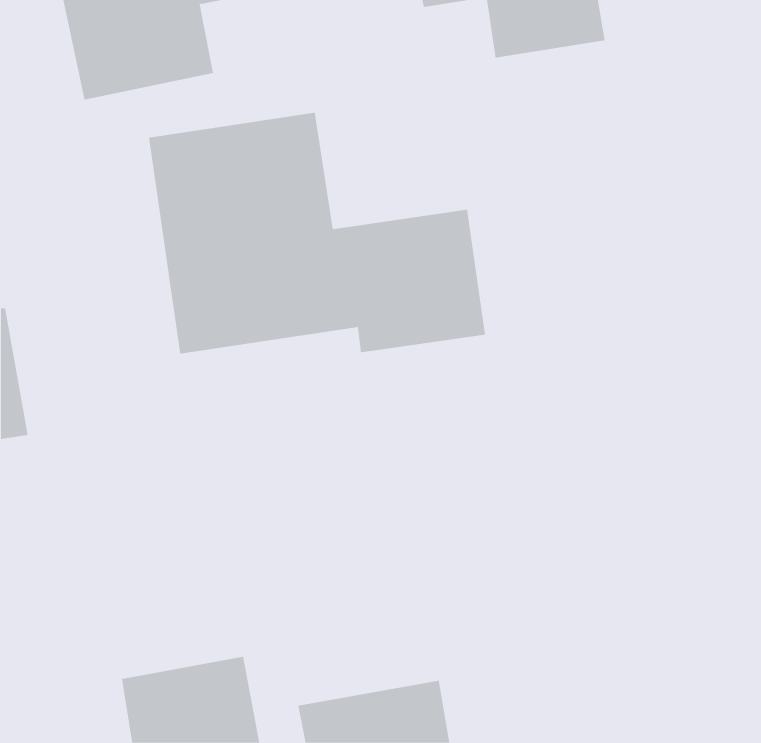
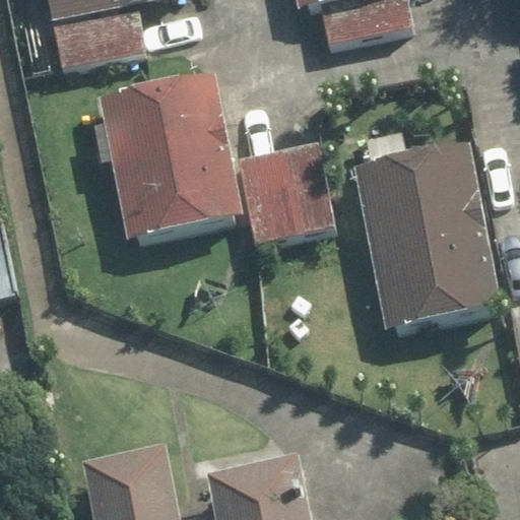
building: none -> [348,142,500,332]

